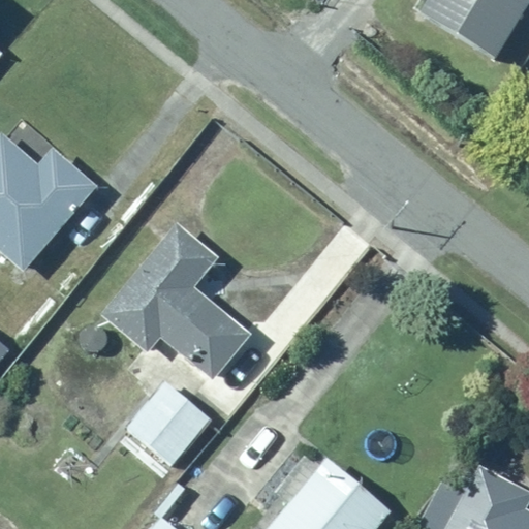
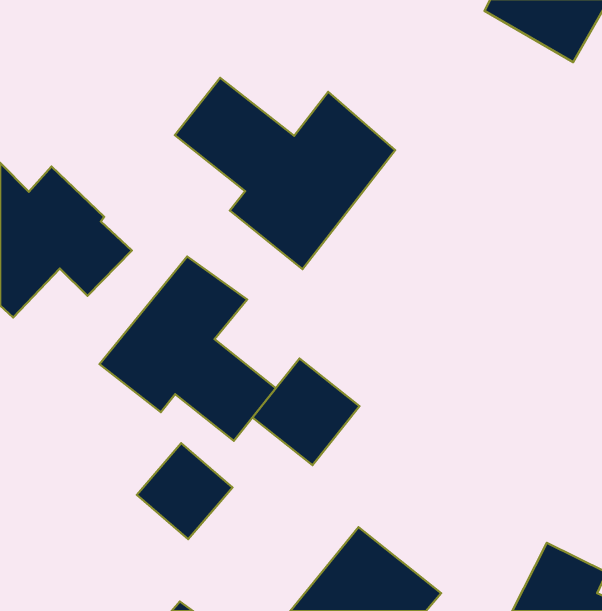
building: none -> [175,78,395,269]
building: none -> [253,358,359,465]

